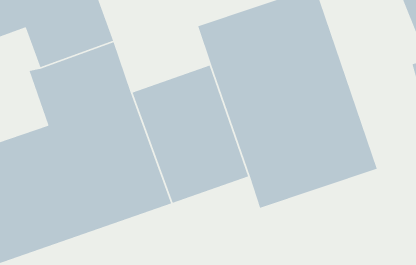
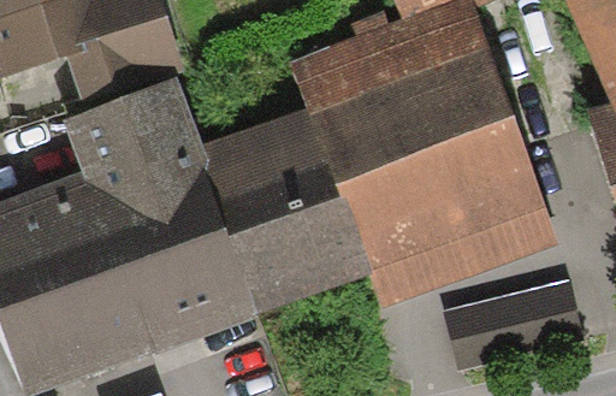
building: none -> [440,279,580,373]

